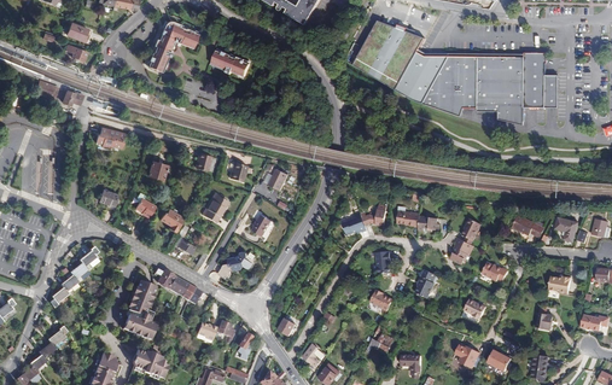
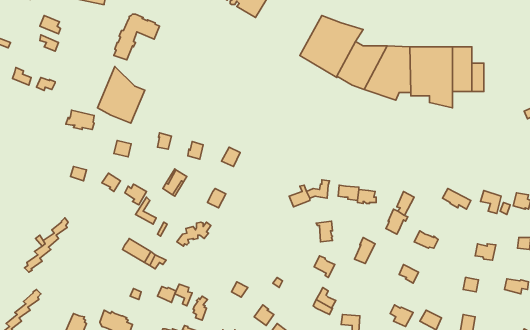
building: [210,49,249,76] -> none
building: none -> [97,67,145,123]
building: [123,279,156,339] -> none

